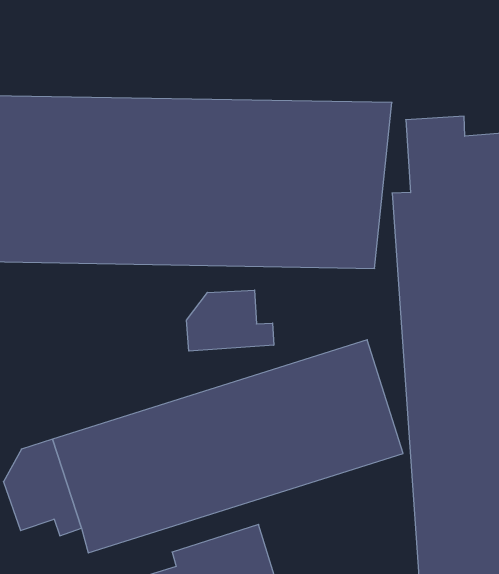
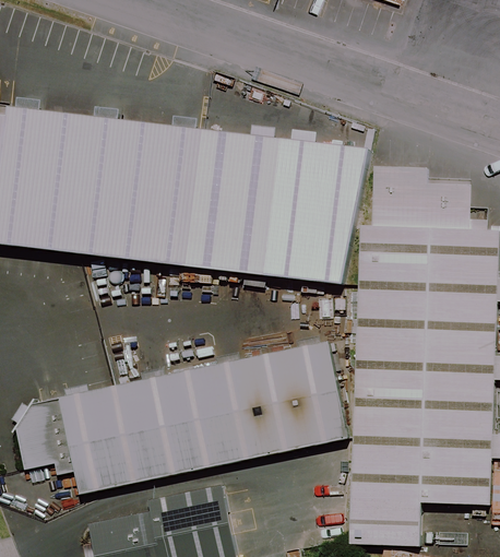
building: [186,290,274,351] -> none

